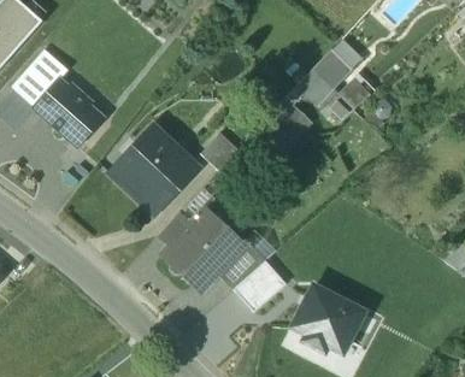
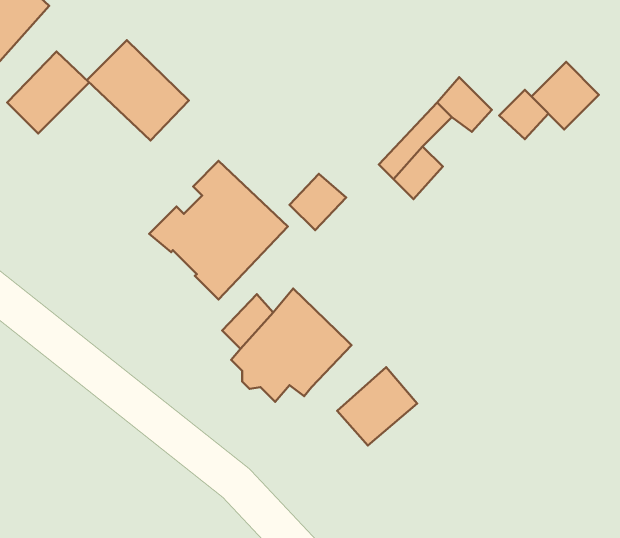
building: [313,46,358,90] -> [532,62,599,129]
building: [35,79,102,146] -> [87,40,189,141]
building: [216,240,265,289] -> none
building: [293,287,364,353] -> none

